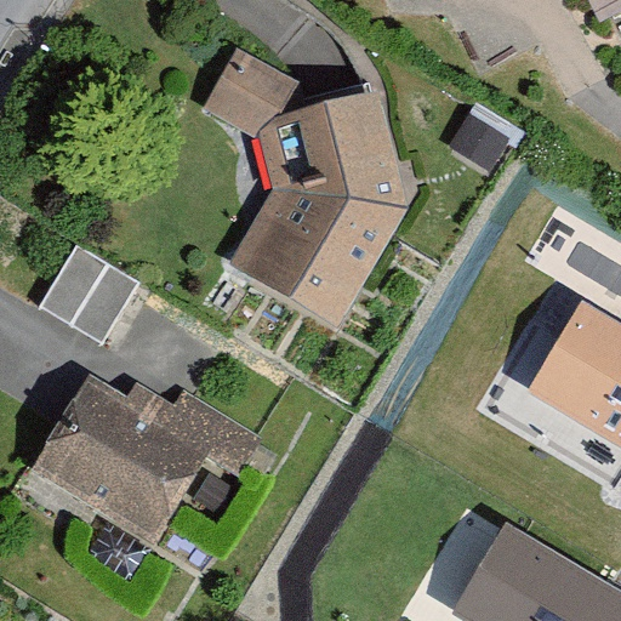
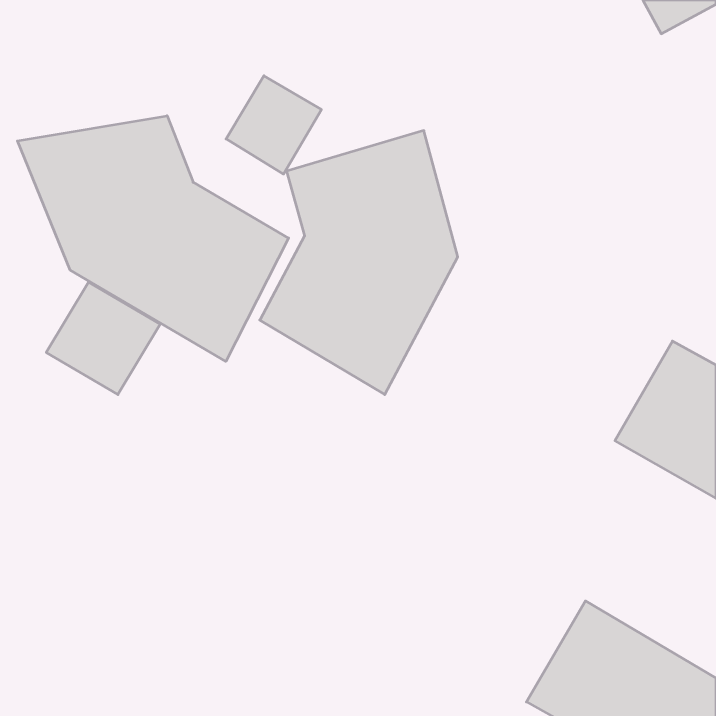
building: none -> [17,116,289,361]
building: [34,372,263,542] -> none

